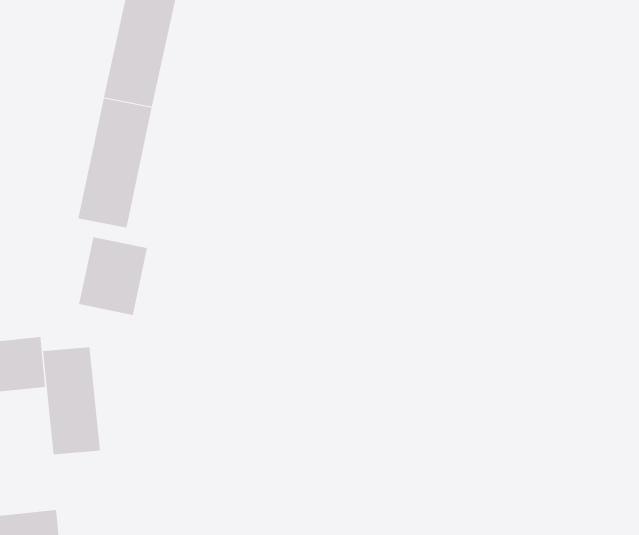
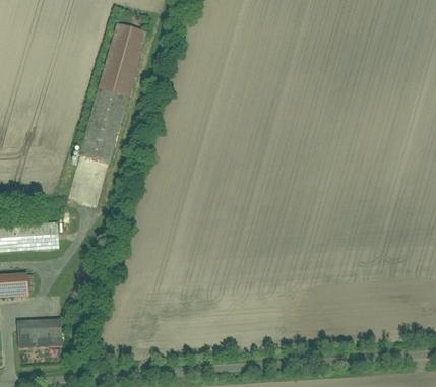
building: [79,236,148,316] -> none
building: [42,347,100,455] -> none

